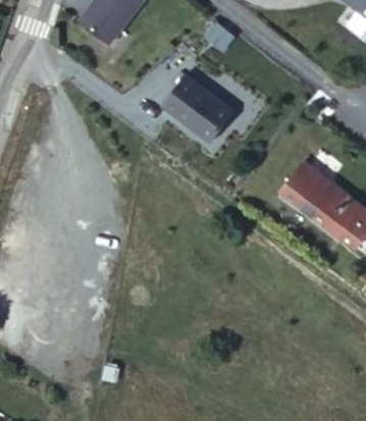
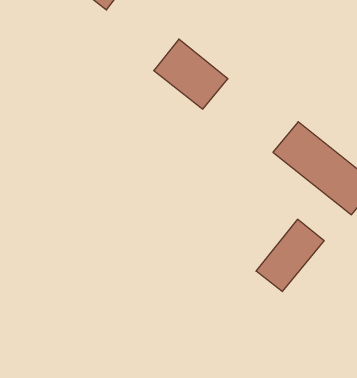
building: none -> [256,219,324,292]

